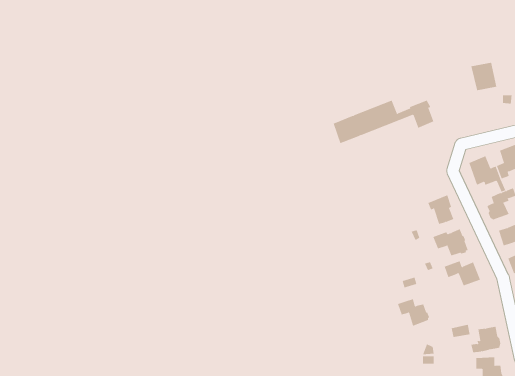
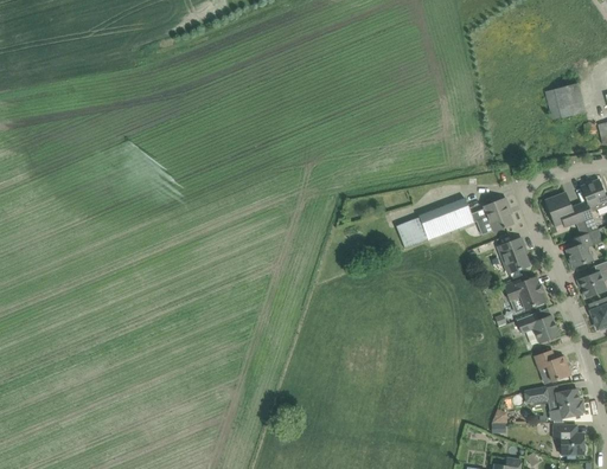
building: [333,100,434,144] -> [396,198,513,249]
building: [397,299,430,326] -> [533,349,571,381]

